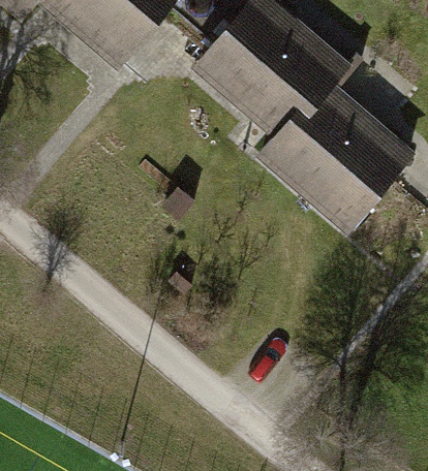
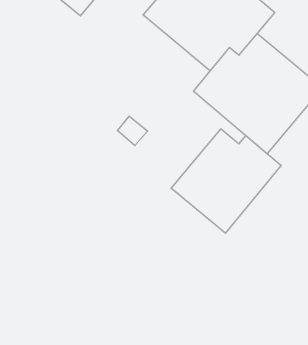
building: none -> [171,129,281,233]

